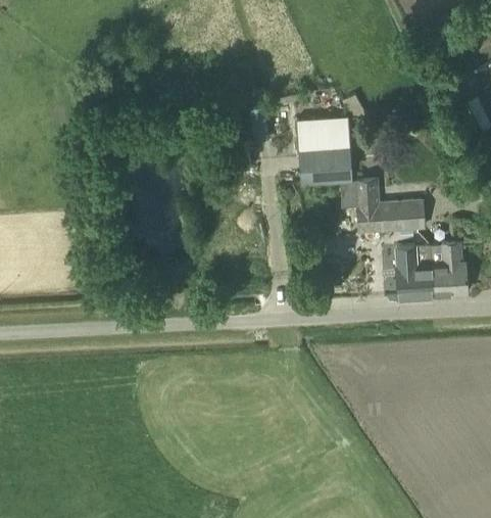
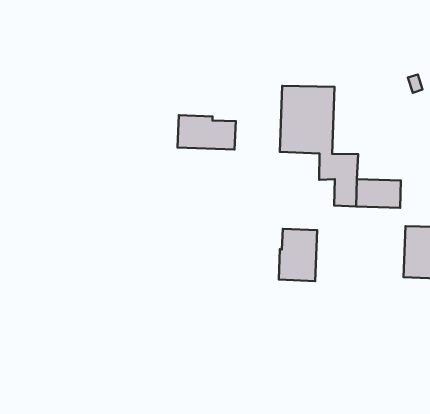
building: none -> [178,115,236,149]
building: [396,244,434,296] -> [279,229,317,281]

